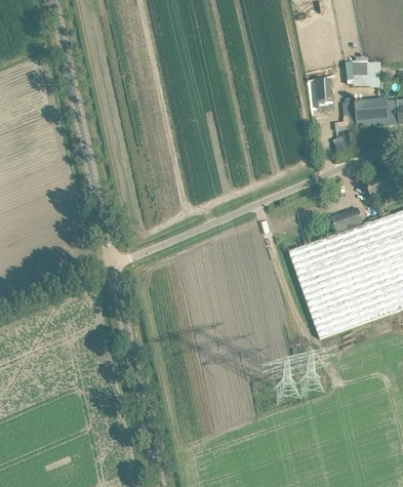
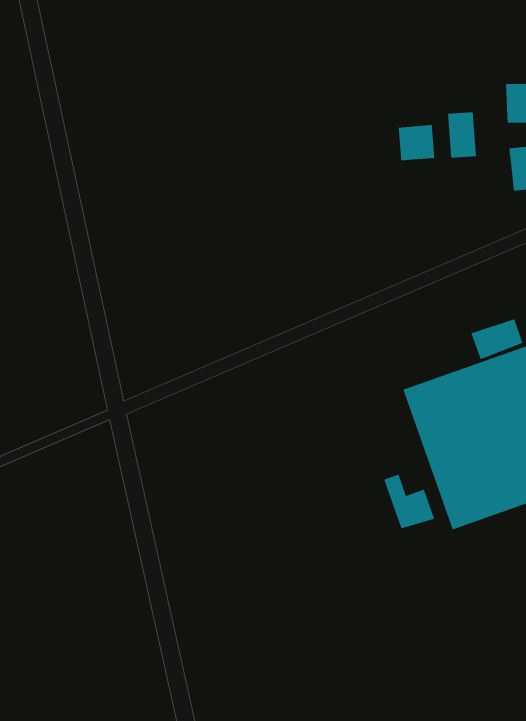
building: none -> [398,124,435,161]
building: none -> [383,474,435,529]

